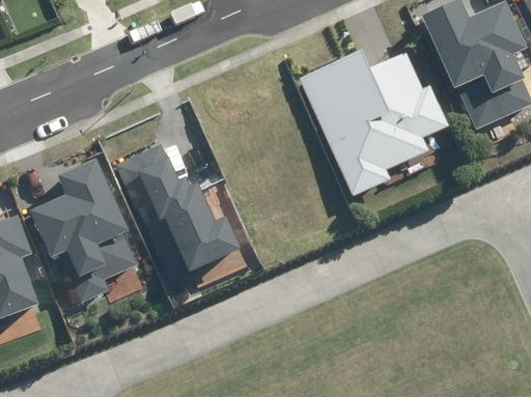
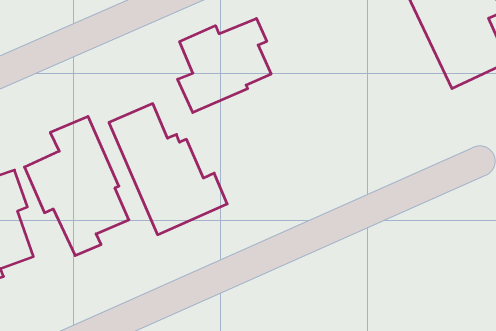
building: [298,49,450,196] -> none
building: none -> [178,18,271,113]

